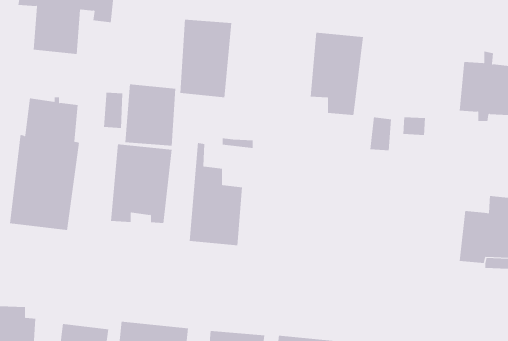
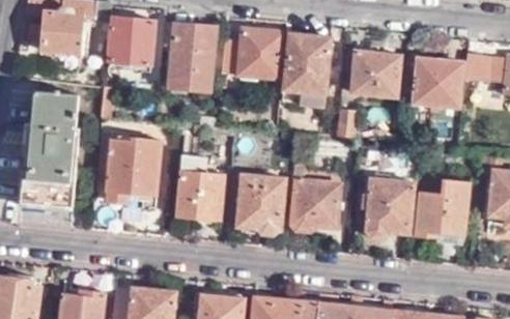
building: none -> [221,29,282,78]
building: none -> [350,45,401,97]
building: [124,84,176,146] -> [107,18,152,73]
building: none -> [291,158,338,232]
building: none -> [230,174,287,229]
building: none -> [361,178,414,239]

